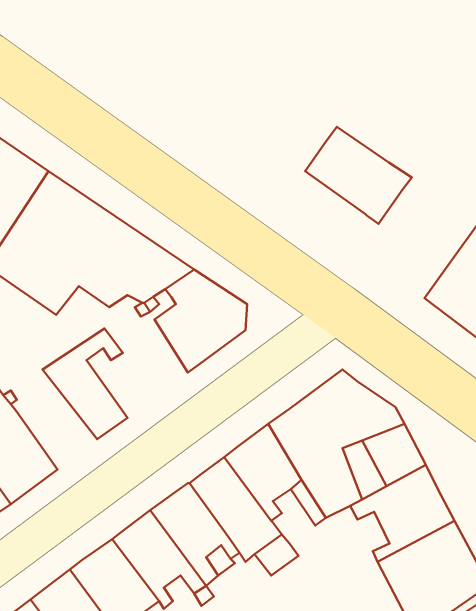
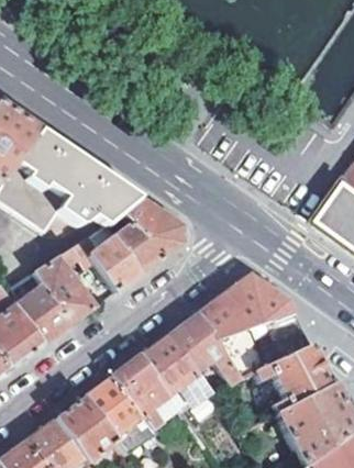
building: [305,127,412,224] -> none
building: none -> [79,236,140,292]
building: none -> [15,272,74,345]

